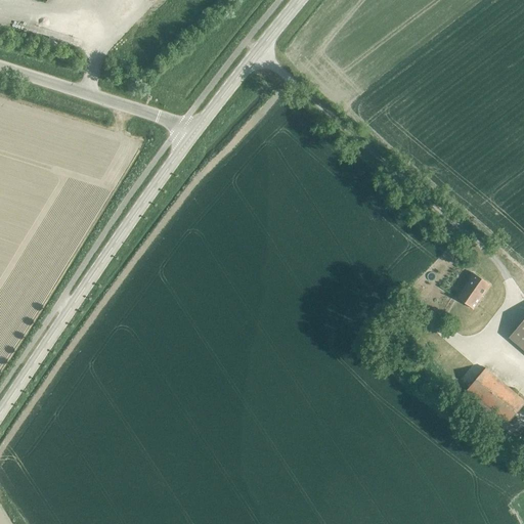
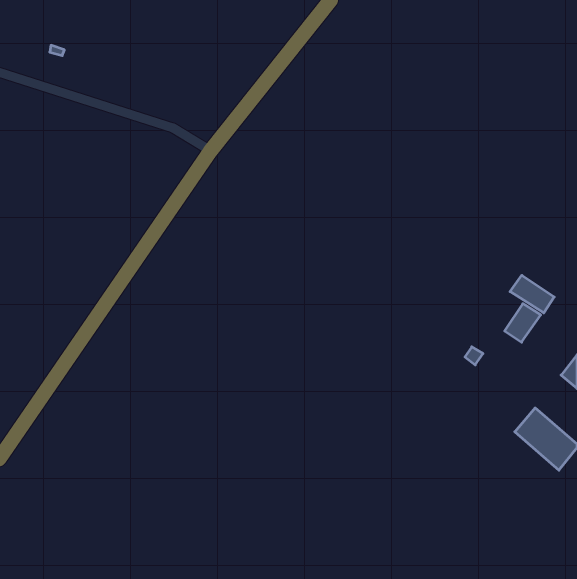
building: none -> [510,275,554,313]

